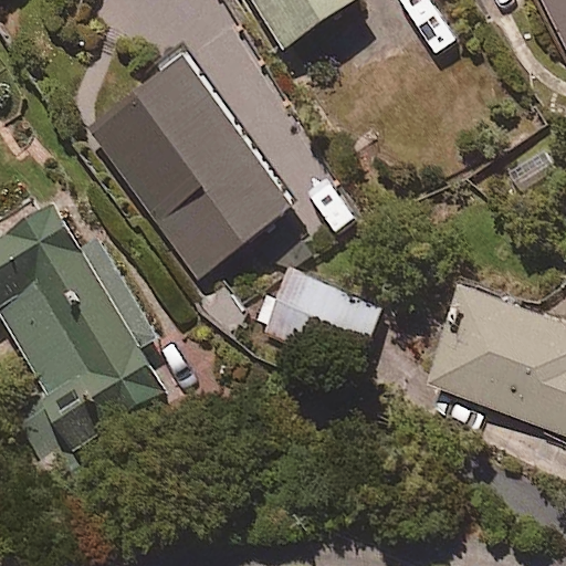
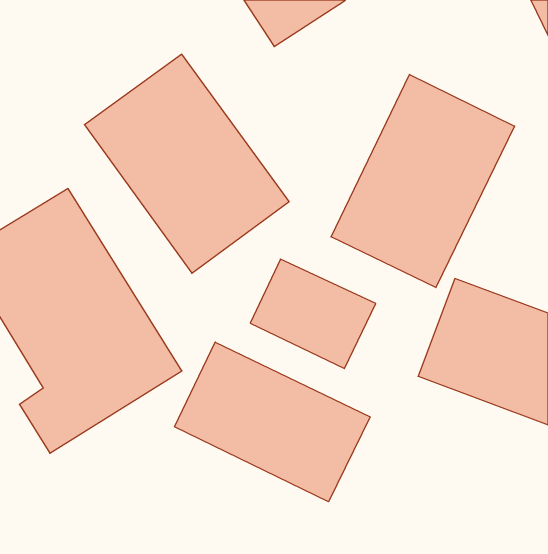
building: none -> [331,74,515,288]
building: none -> [174,342,370,502]

